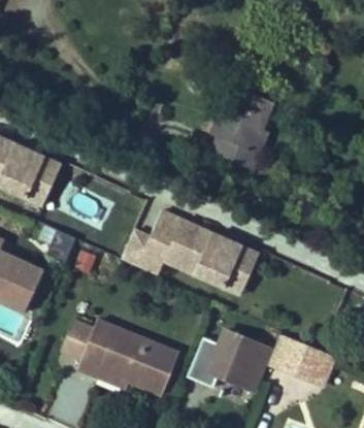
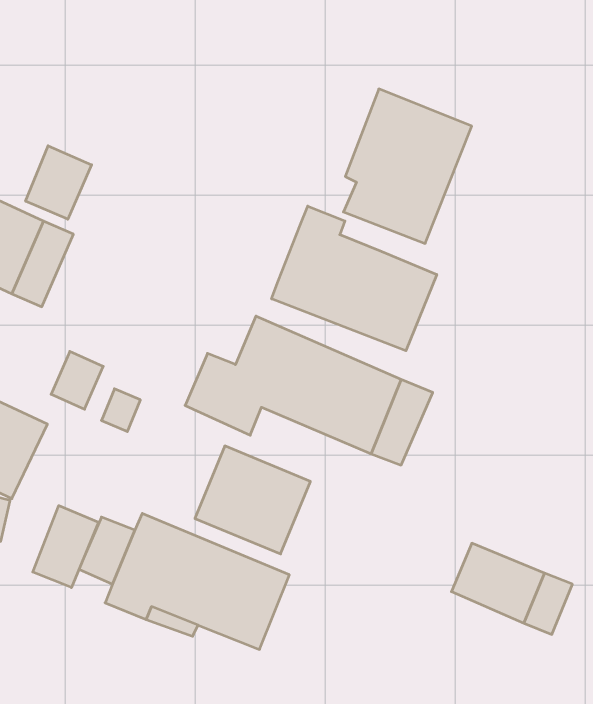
building: none -> [26,146,92,219]
building: none -> [272,206,437,351]
building: none -> [33,506,99,588]
building: [207,330,271,390] -> [195,446,310,554]

